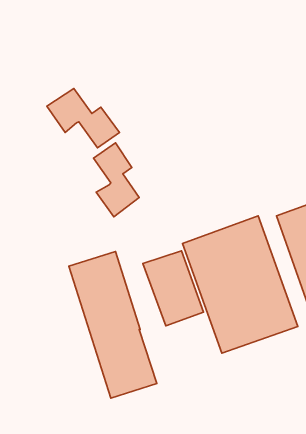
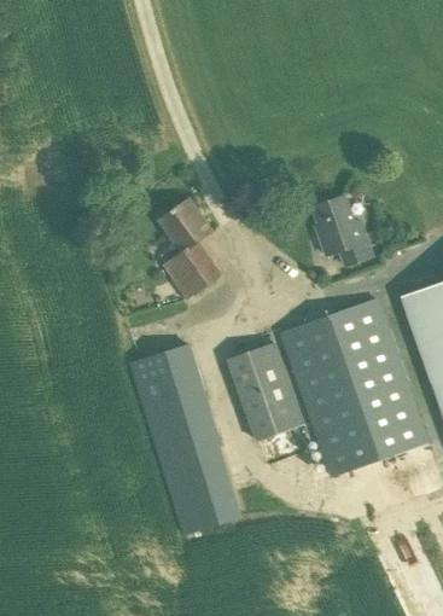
building: [47,89,120,148] -> none
building: none -> [313,196,373,266]

